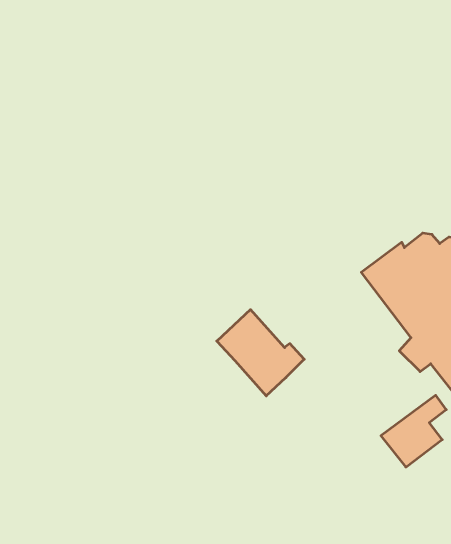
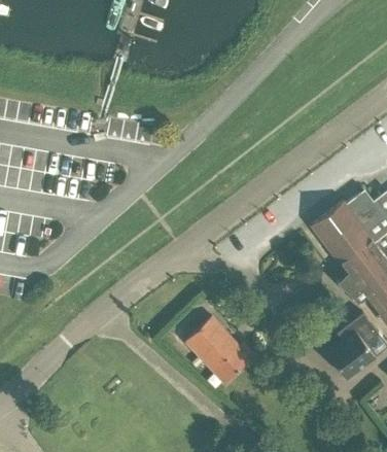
building: [217,310,304,396] -> [185,316,254,384]

